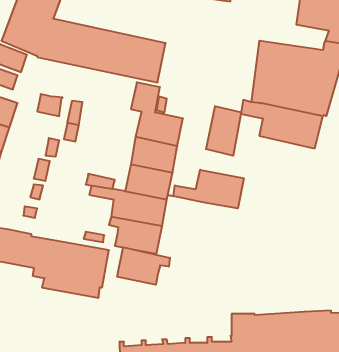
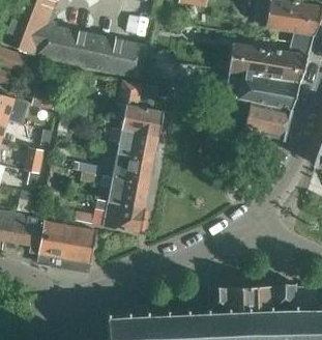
building: [206,106,241,156] -> none
building: [168,170,244,208] -> none
building: [117,247,170,285] -> none

